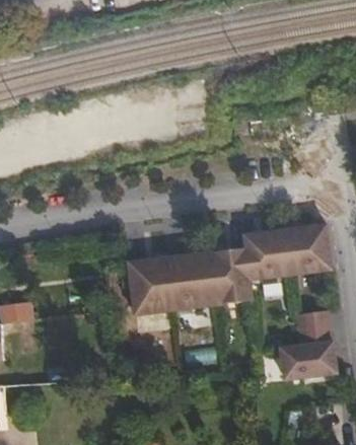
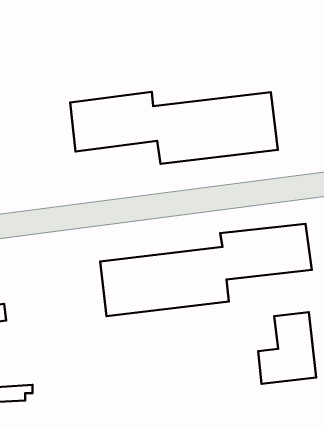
building: none -> [70,92,278,164]

